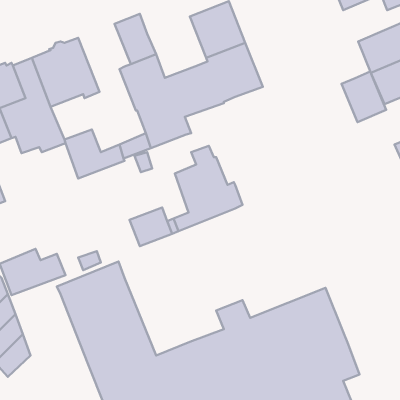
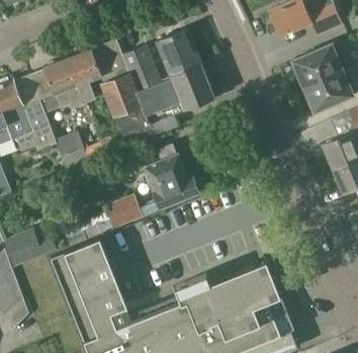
building: none -> [122,46,161,90]
building: none -> [67,49,101,101]
building: [341,72,386,122] -> none

